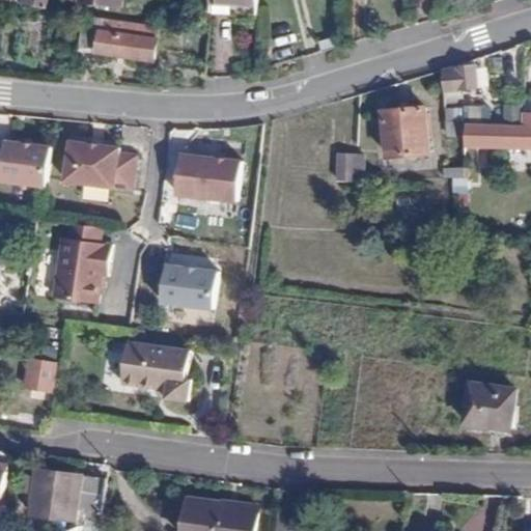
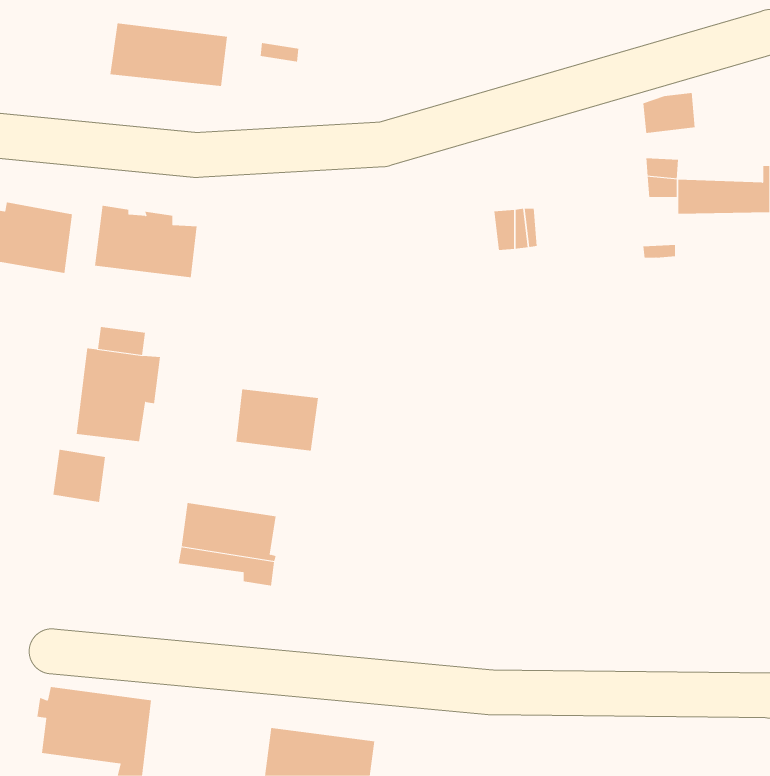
building: [379,106,427,157] -> none
building: [175,153,240,199] -> none
building: [19,356,55,392] -> [53,449,106,502]
building: [462,382,514,430] -> none

